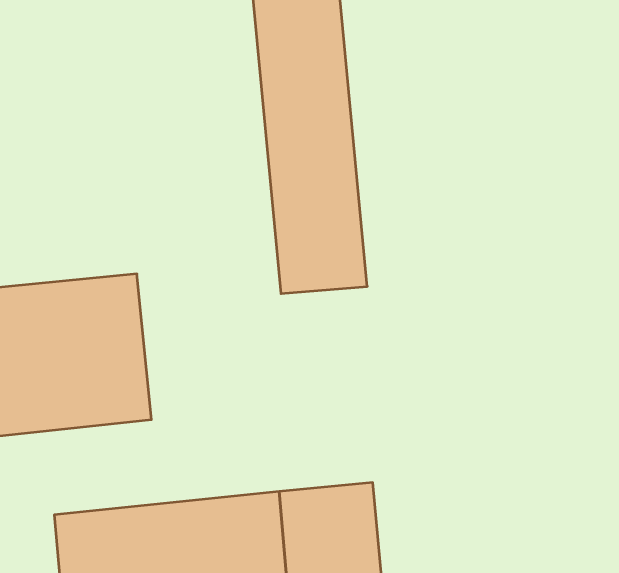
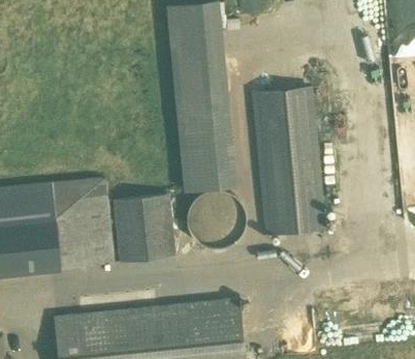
building: none -> [259,87,323,233]
building: none -> [186,189,246,248]
building: none -> [116,195,172,262]

